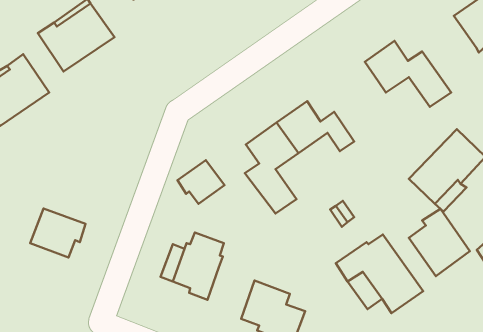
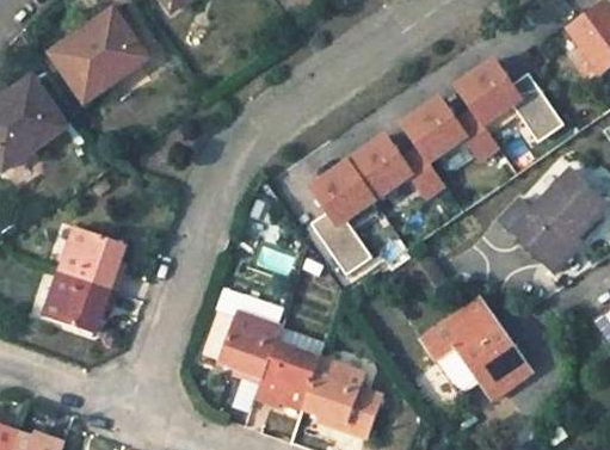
building: none -> [402,98,499,162]
building: [177,160,224,204] -> none
building: none -> [57,224,121,288]
building: [409,209,470,276] -> none
building: none -> [257,341,320,406]

